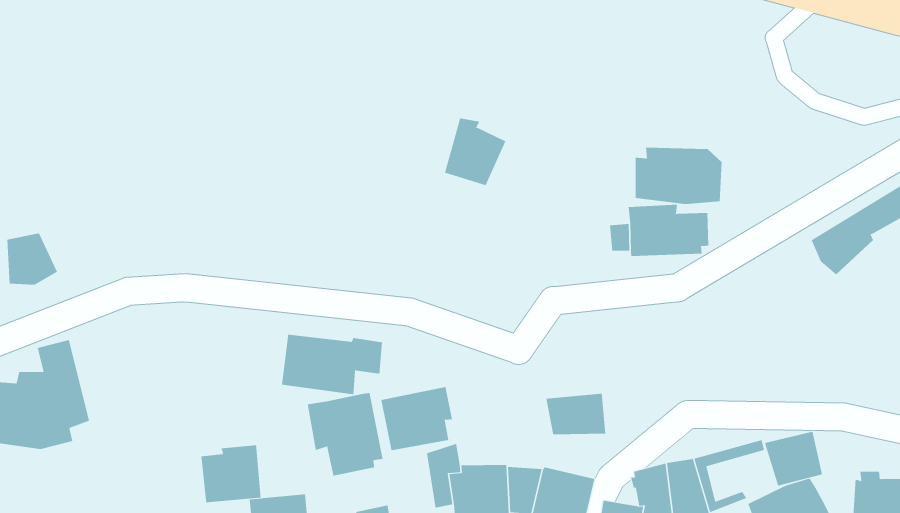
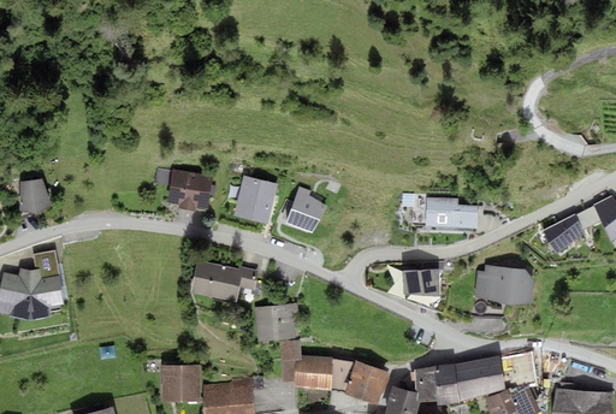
building: [444,118,506,186] -> [285,188,327,233]
building: [635,147,722,205] -> [475,265,534,304]
building: none -> [155,167,213,211]
building: none -> [233,176,278,224]
building: [307,392,383,476] -> none
building: [546,393,606,435] -> [402,270,439,296]
building: [201,445,261,503] -> none
building: none -> [462,363,505,394]

